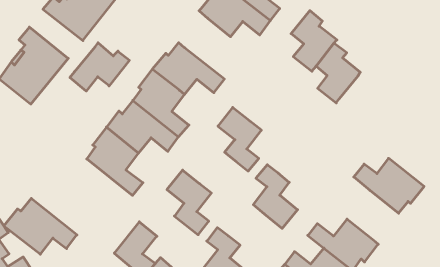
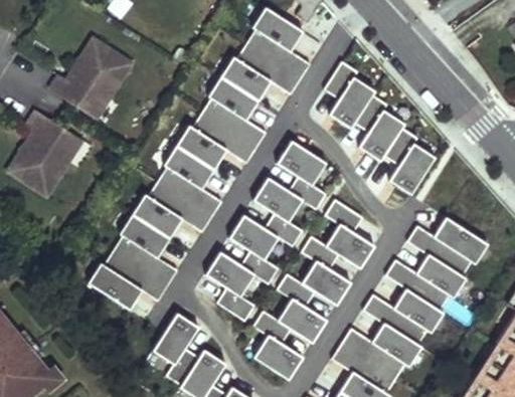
building: none -> [202,74,267,147]
building: [70,43,129,91] -> none
building: none -> [385,129,435,194]
building: none -> [278,141,326,208]
building: none -> [326,200,374,267]
building: none -> [229,214,279,282]
building: none -> [387,253,466,310]
building: none -> [278,273,327,342]
building: [4,198,77,254] -> [87,249,168,310]

